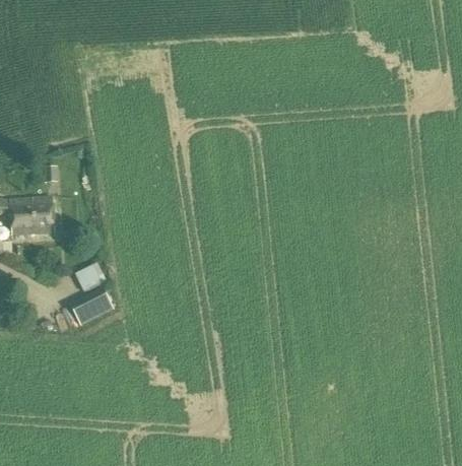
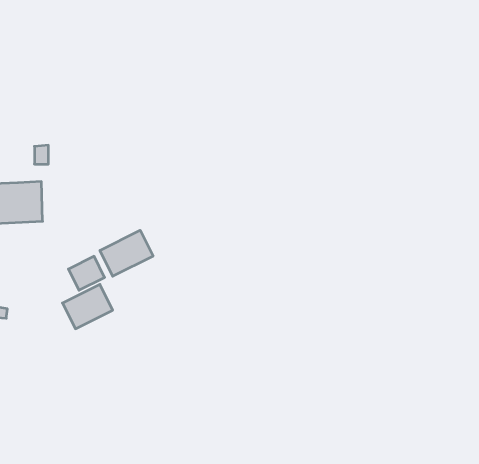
building: none -> [100,230,153,276]

